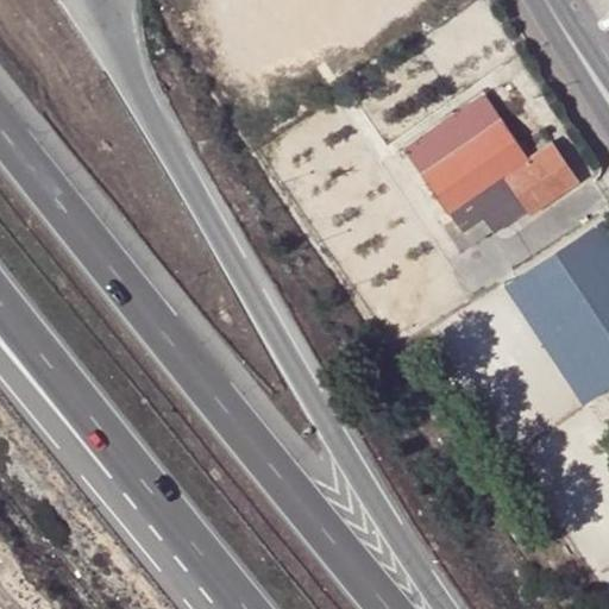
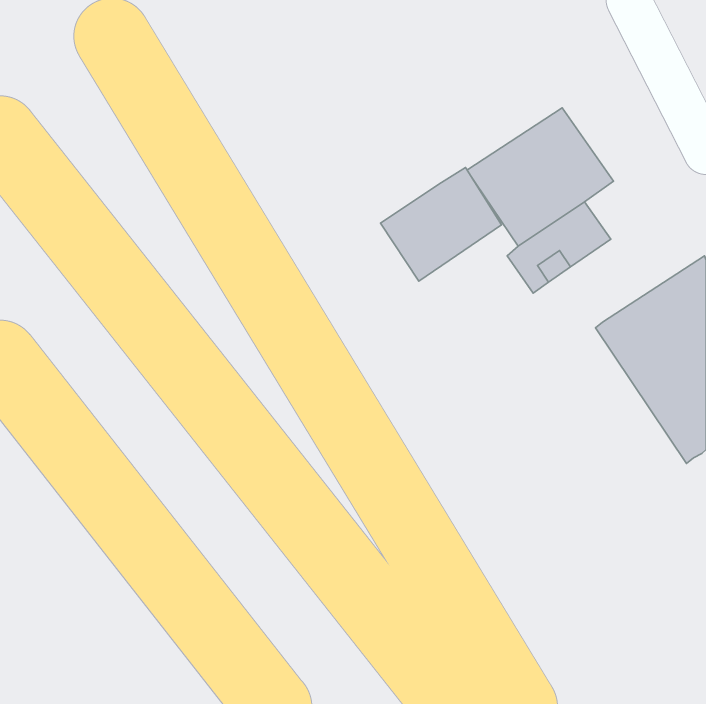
building: [503,143,578,215] -> none
building: none -> [381,168,502,281]

